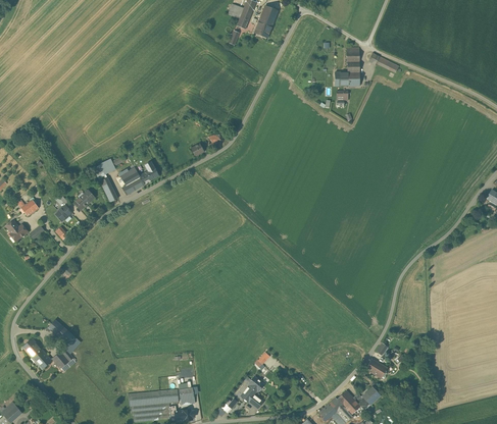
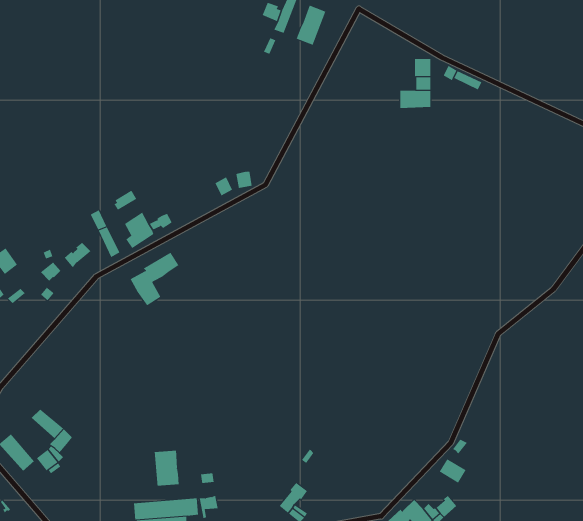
building: none -> [130,252,179,306]
building: none -> [154,450,179,487]

